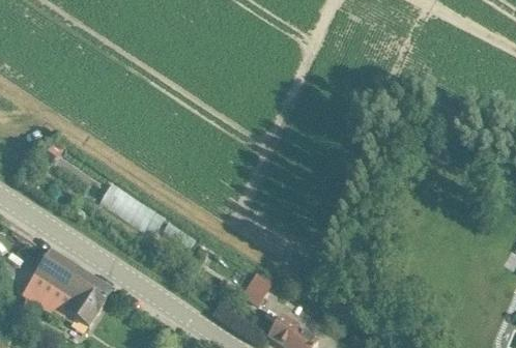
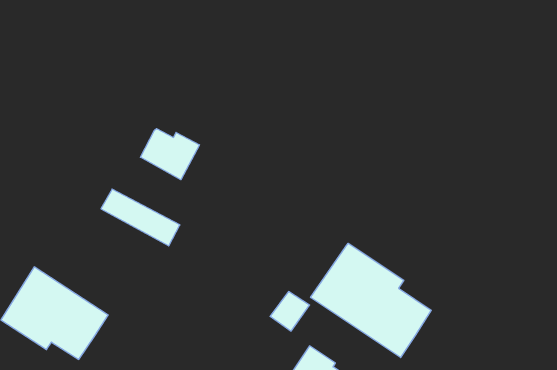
building: none -> [140,129,199,180]
building: none -> [311,243,431,358]

